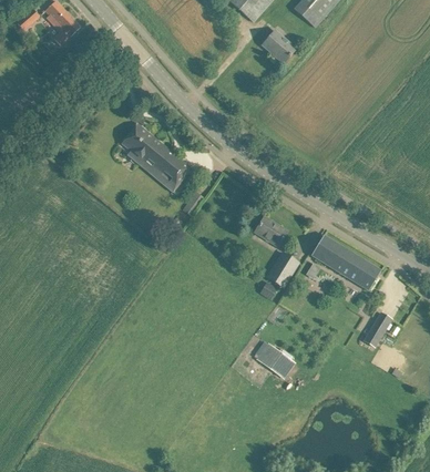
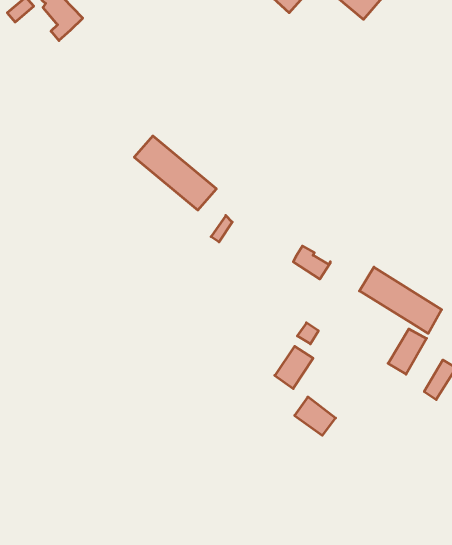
building: [262,31,295,63] -> none
building: [266,252,298,287] -> [275,346,313,389]
building: none -> [388,329,427,374]

